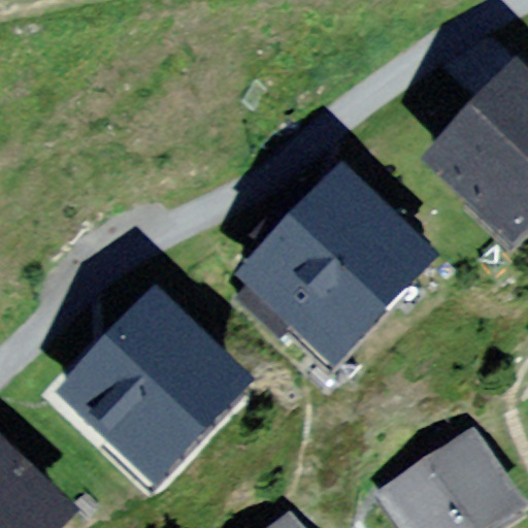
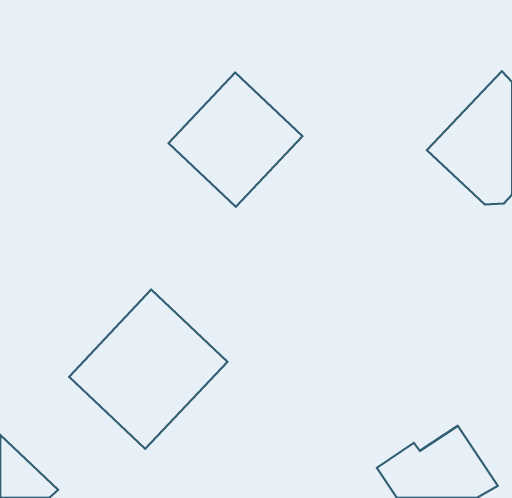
building: none -> [169,72,302,207]
building: [238,176,419,343] -> none

